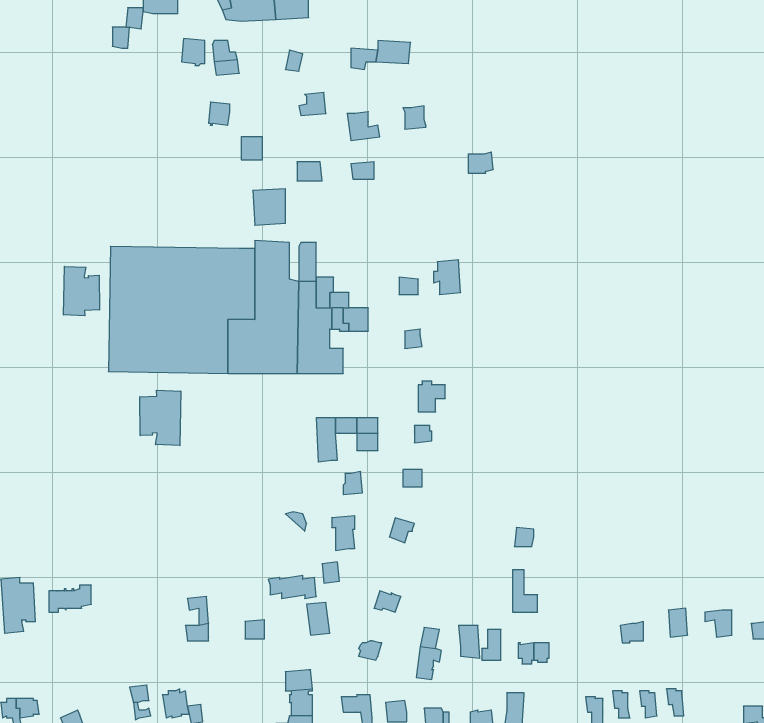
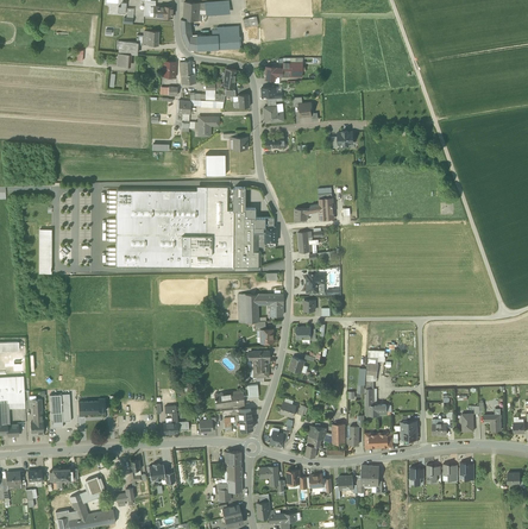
building: [64,266,99,316] -> none
building: [140,390,181,446] -> none

